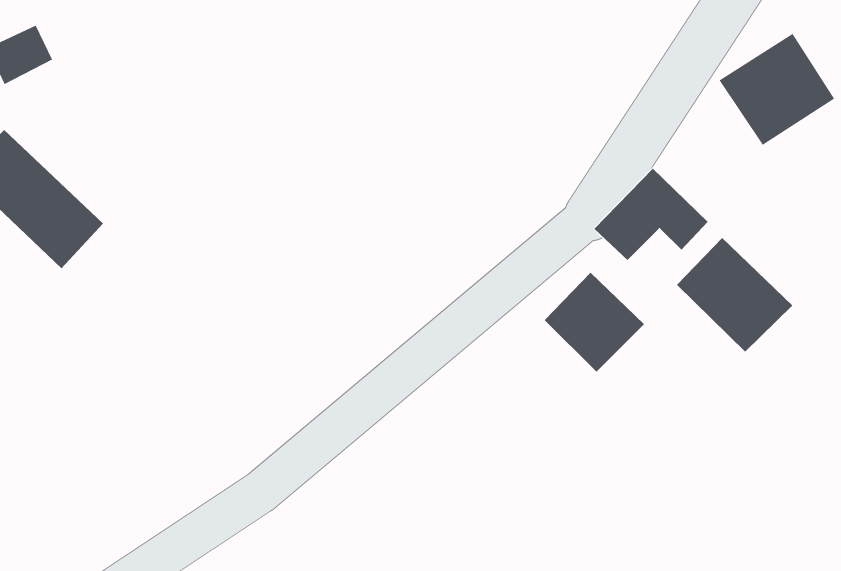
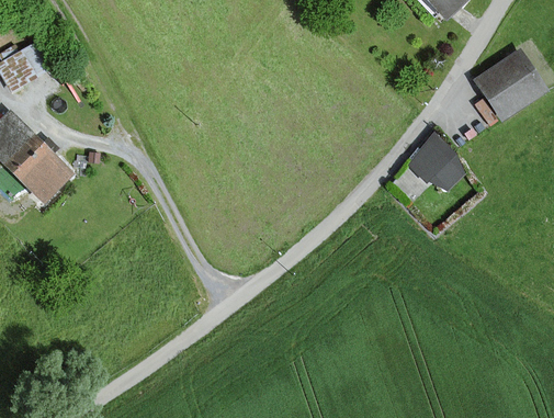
building: [676,237,793,353] -> none
building: [544,272,645,372] -> none

